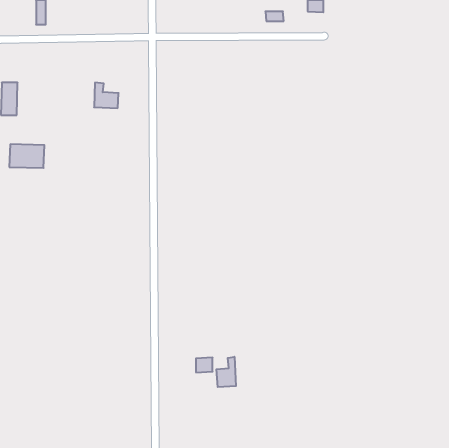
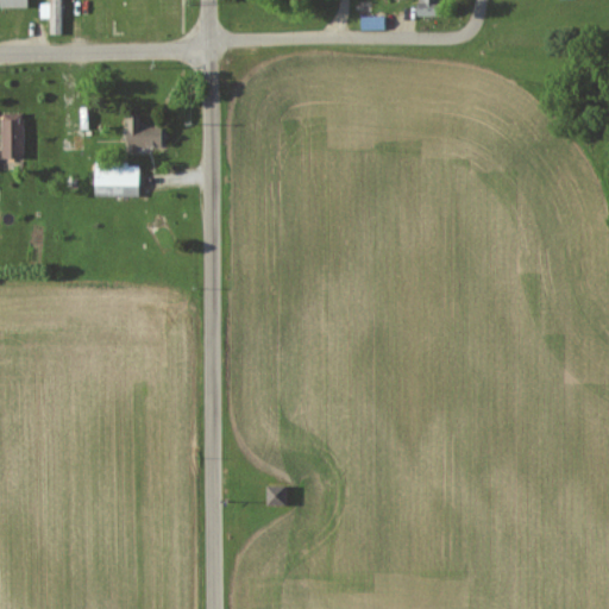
building: [9,144,44,168] -> [93,164,140,196]
building: [216,357,236,387] -> none

